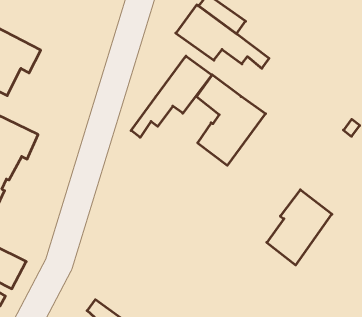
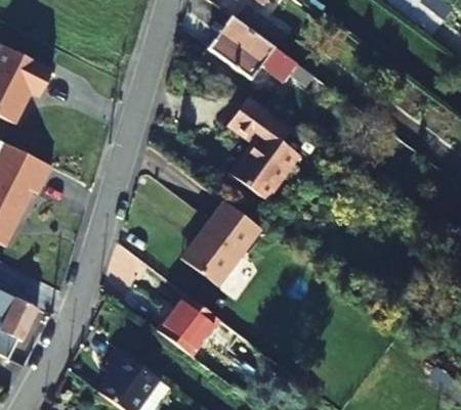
building: [131,56,212,137] -> none
building: [267,190,332,265] -> [190,206,263,290]
building: none -> [157,295,218,357]

